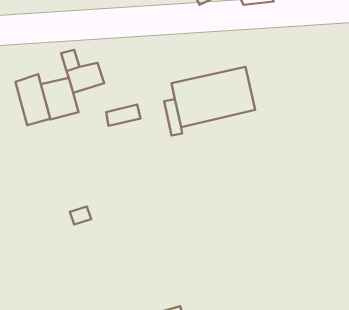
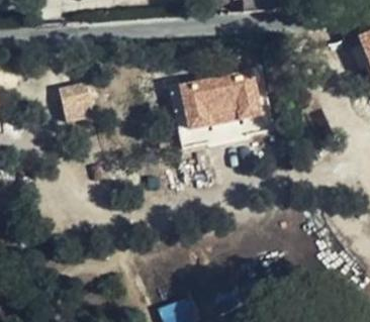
building: [15,74,50,125] -> none

